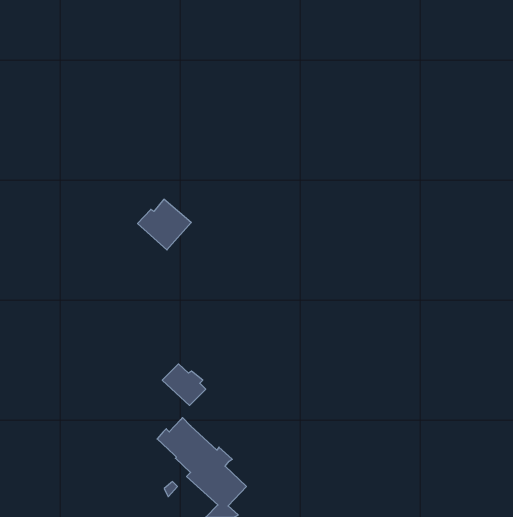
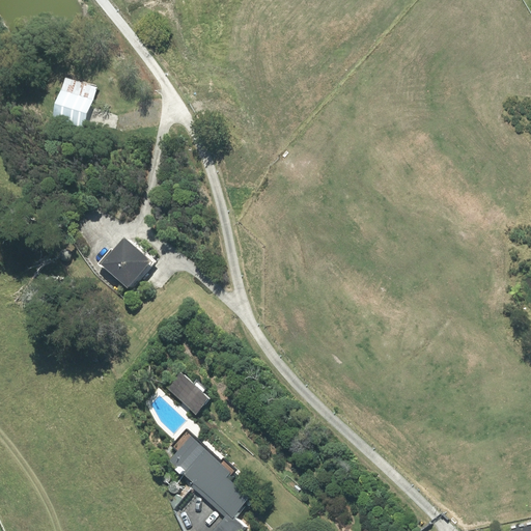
building: none -> [52,78,95,129]
building: [138,199,191,250] -> [100,241,155,292]

